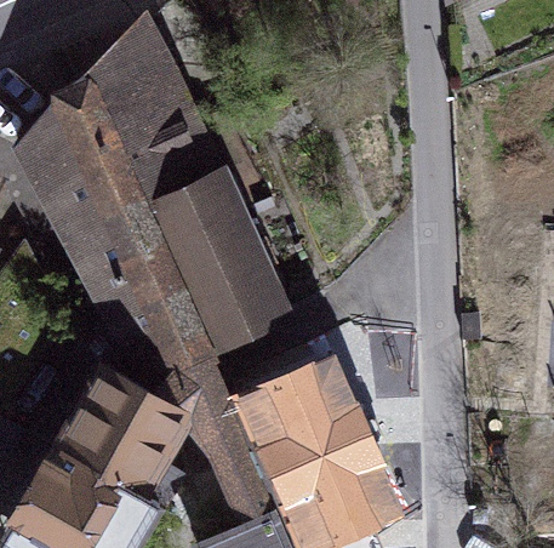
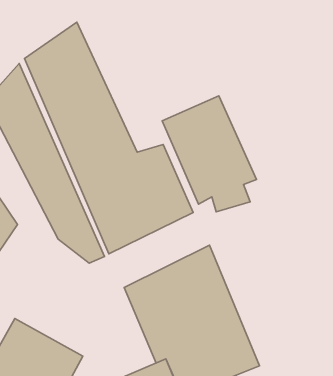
building: none -> [162,96,257,212]
building: [55,375,169,503] -> none

